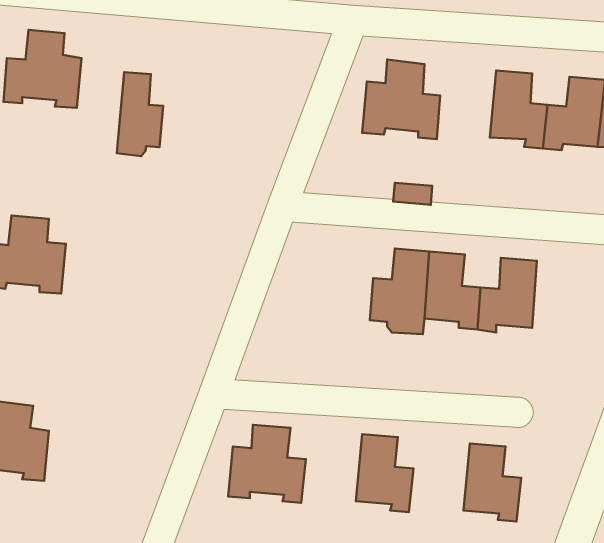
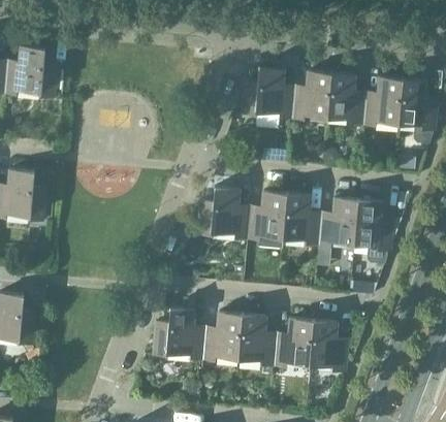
building: none -> [291,72,330,121]
building: [117,72,163,156] -> none
building: none -> [197,188,249,239]
building: none -> [354,200,391,264]
building: none -> [201,313,242,361]
building: none -> [273,319,313,367]

